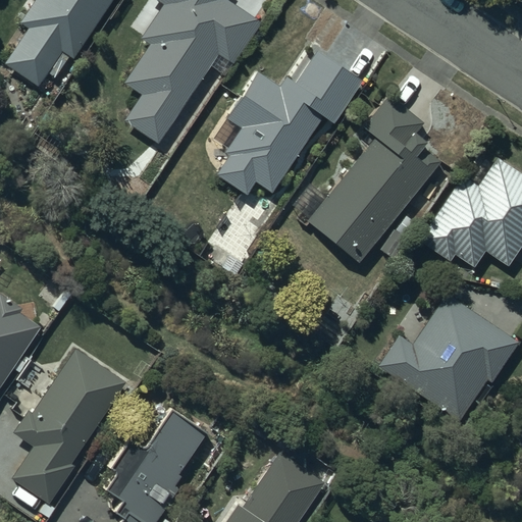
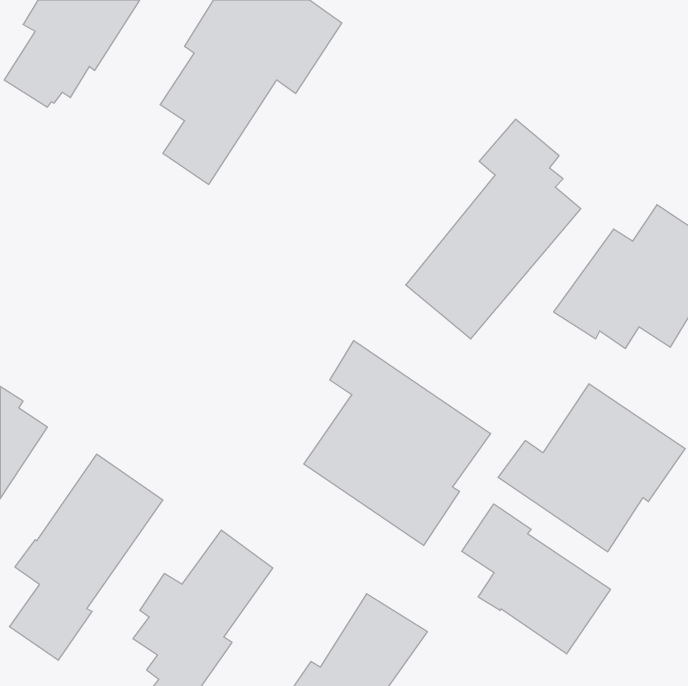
building: [218,48,364,192] -> none
building: none -> [304,341,491,546]
building: none -> [462,504,610,654]

